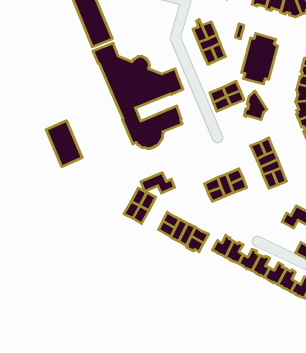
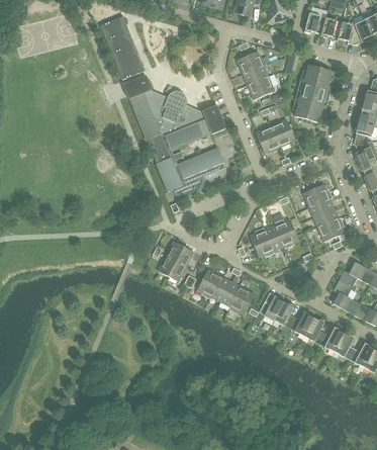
building: [244,91,267,120] -> none
building: [46,121,82,167] -> none
building: [141,173,175,193] -> none
building: none -> [333,279,360,314]

